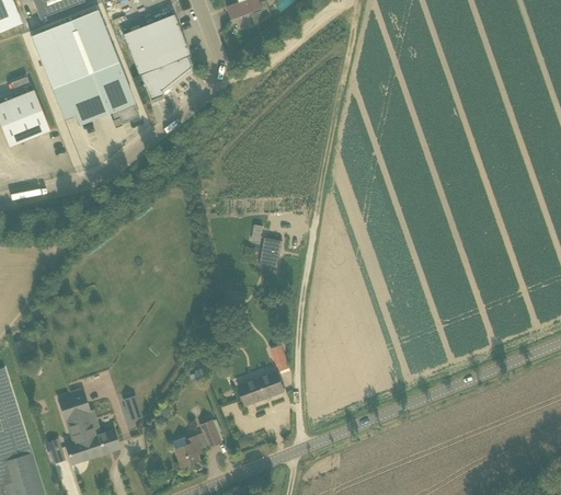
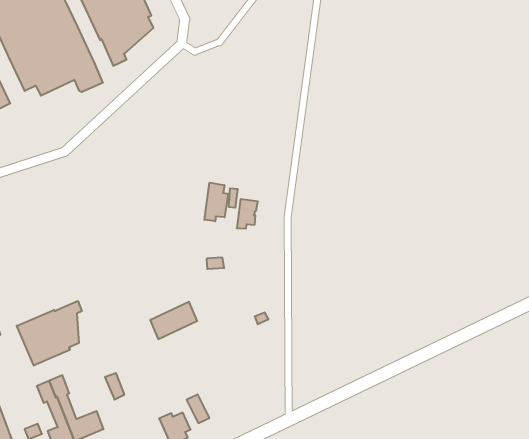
building: none -> [205,183,228,221]
building: none -> [17,301,82,366]
building: [239,371,284,405] -> [150,302,197,339]

